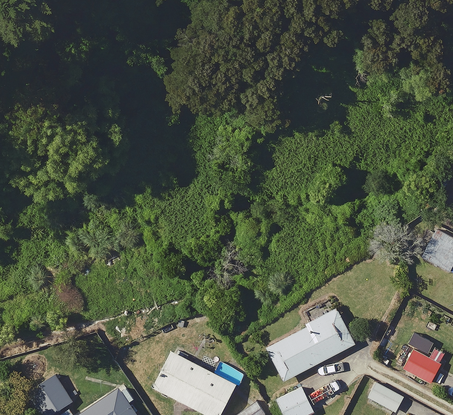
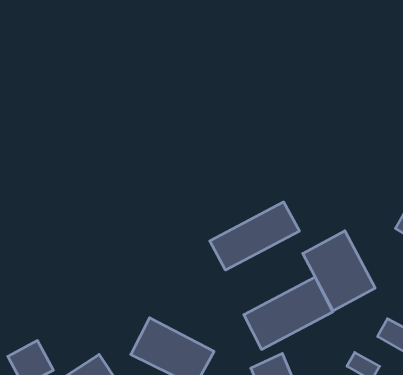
building: none -> [210,202,299,270]
building: none -> [303,231,375,311]

